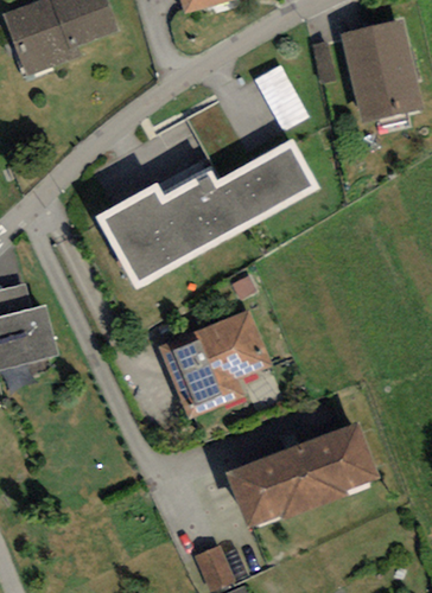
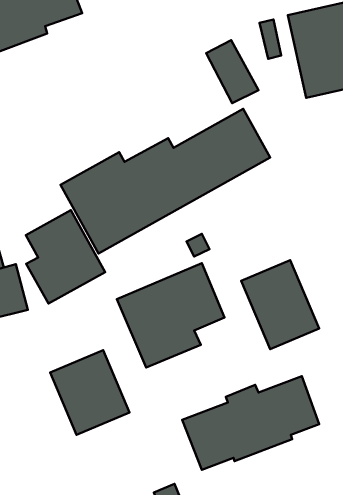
building: none -> [26,210,105,304]
building: none -> [241,260,319,349]
building: none -> [50,350,130,435]

